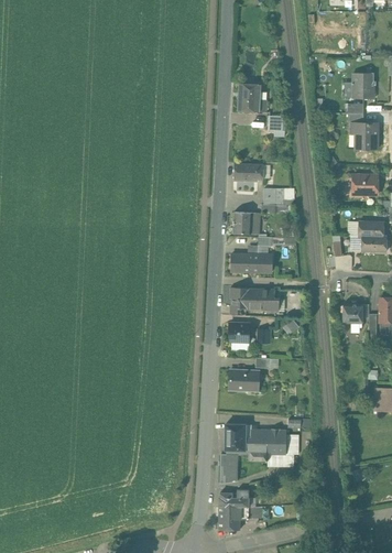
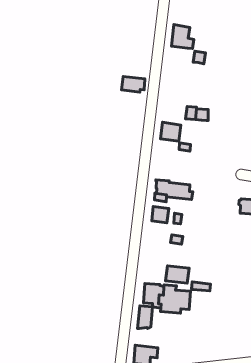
building: [233,163,263,182] -> [121,76,145,92]
building: [231,254,272,273] -> none
building: [229,370,259,391] -> [165,266,189,283]
building: [219,489,249,507] -> none

